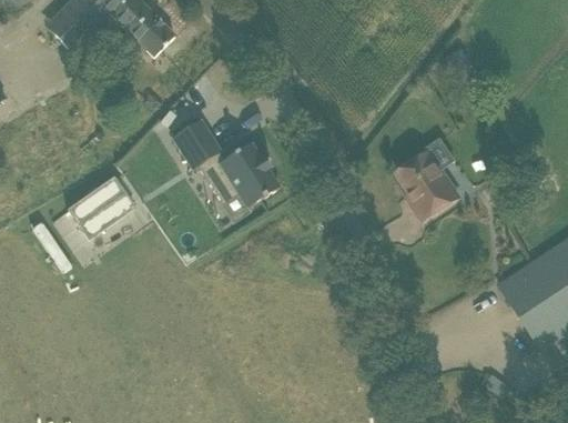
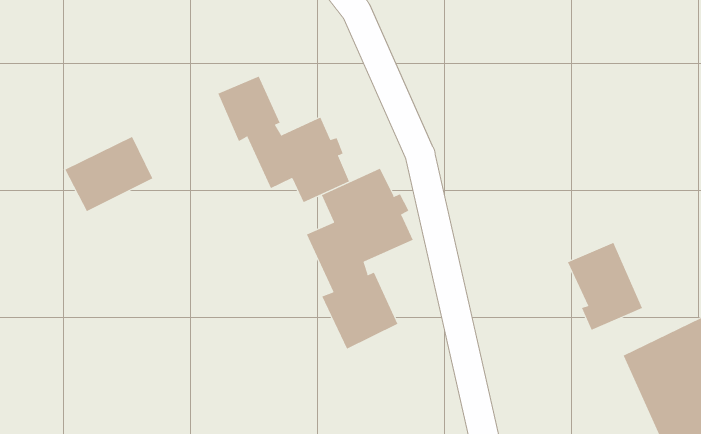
building: [398,150,459,218] -> [567,242,643,330]
building: none -> [306,168,414,349]

